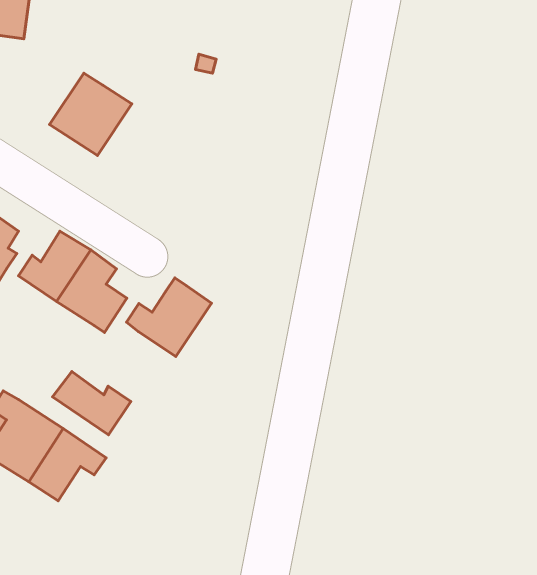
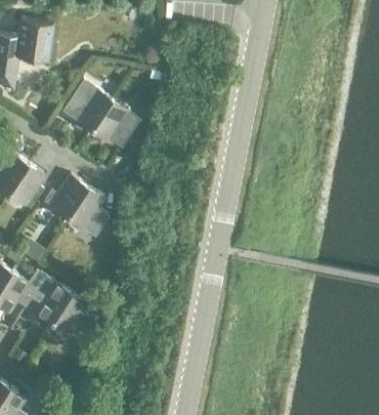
building: none -> [92,99,140,149]
building: [126,278,211,356] -> none
building: [53,372,131,435] -> none

